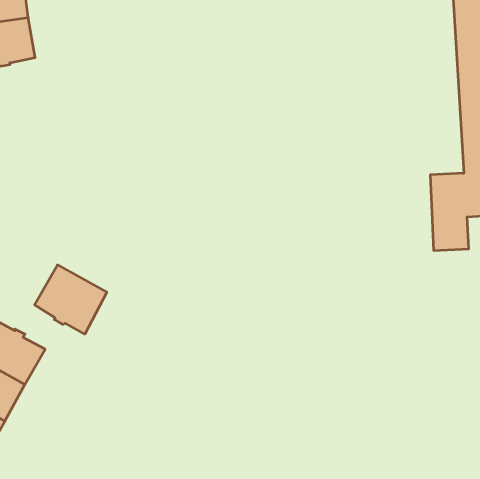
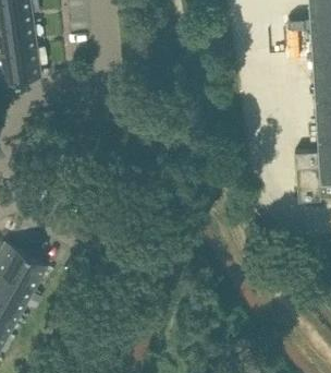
building: [35,265,107,334] -> none

